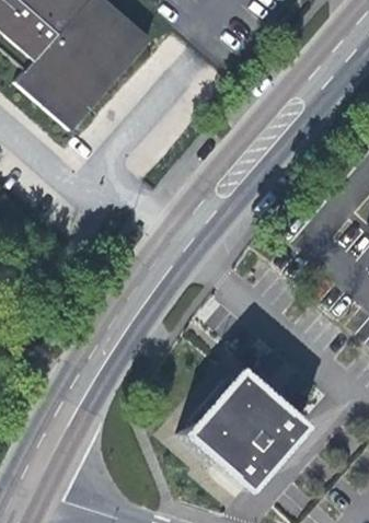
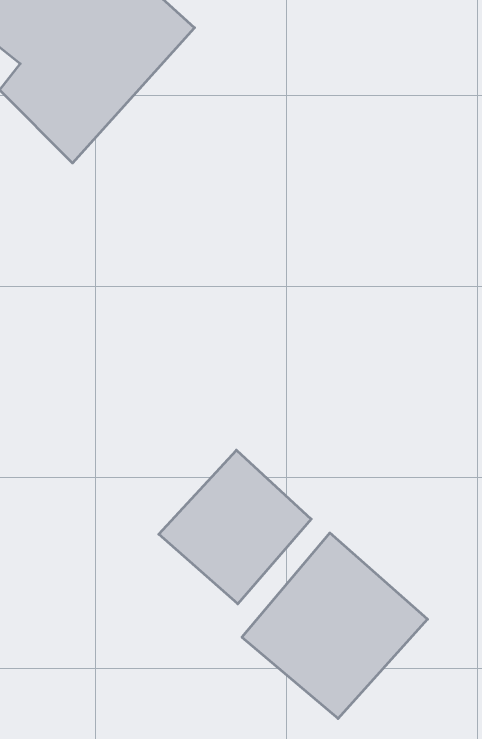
building: none -> [159,450,311,604]

